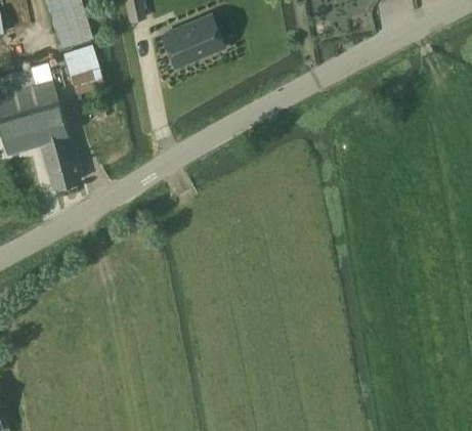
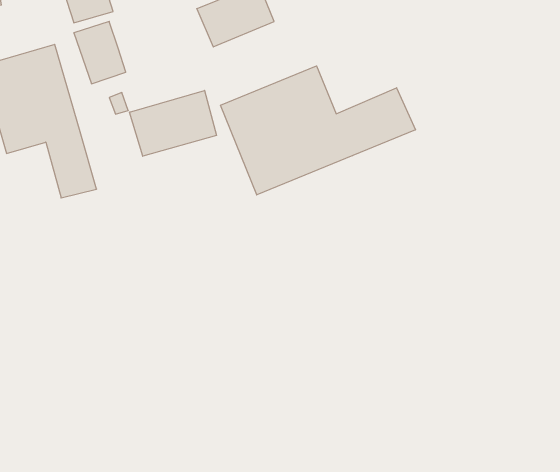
building: none -> [220,66,415,195]
building: none -> [130,90,217,156]

